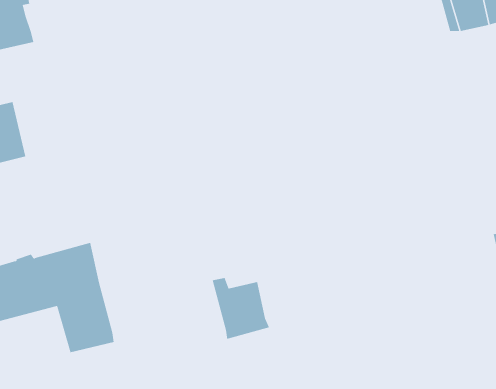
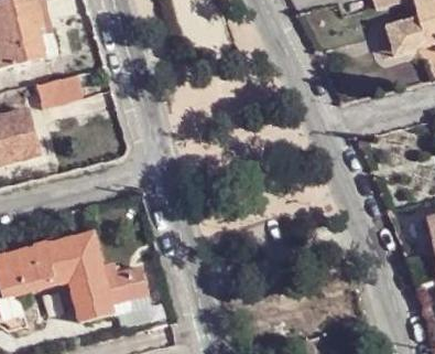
building: none -> [35,74,85,108]
building: [212,278,270,339] -> [100,260,149,312]

